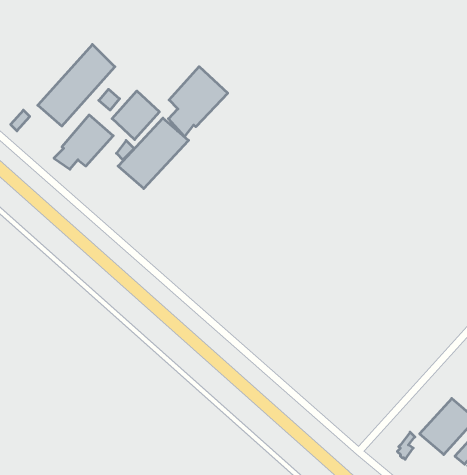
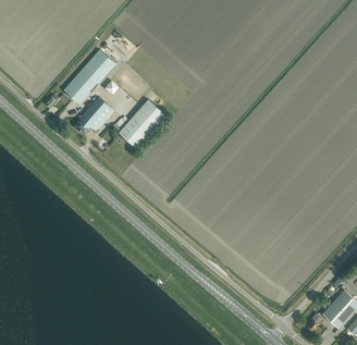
building: [168,67,228,137] -> none
building: [112,91,159,140] -> none

